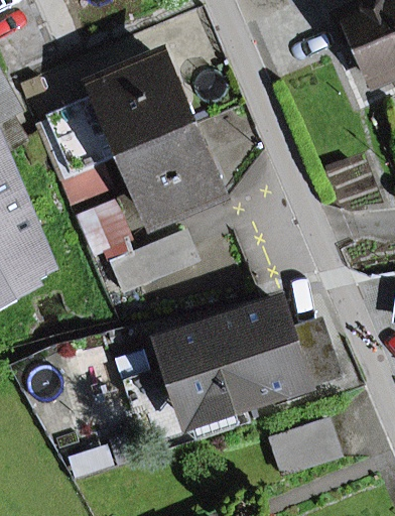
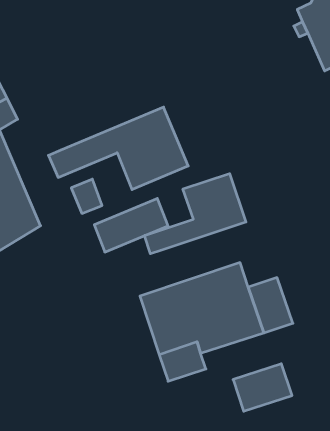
building: [49,58,190,173] -> none
building: none -> [145,174,246,254]

